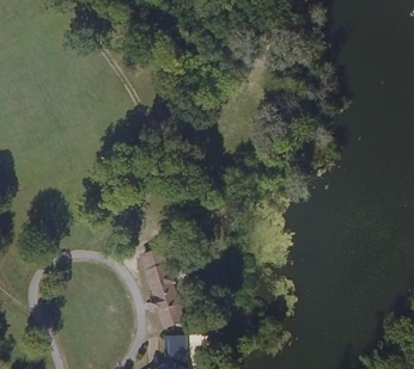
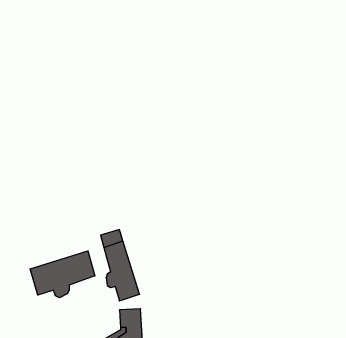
building: none -> [30,251,95,298]

